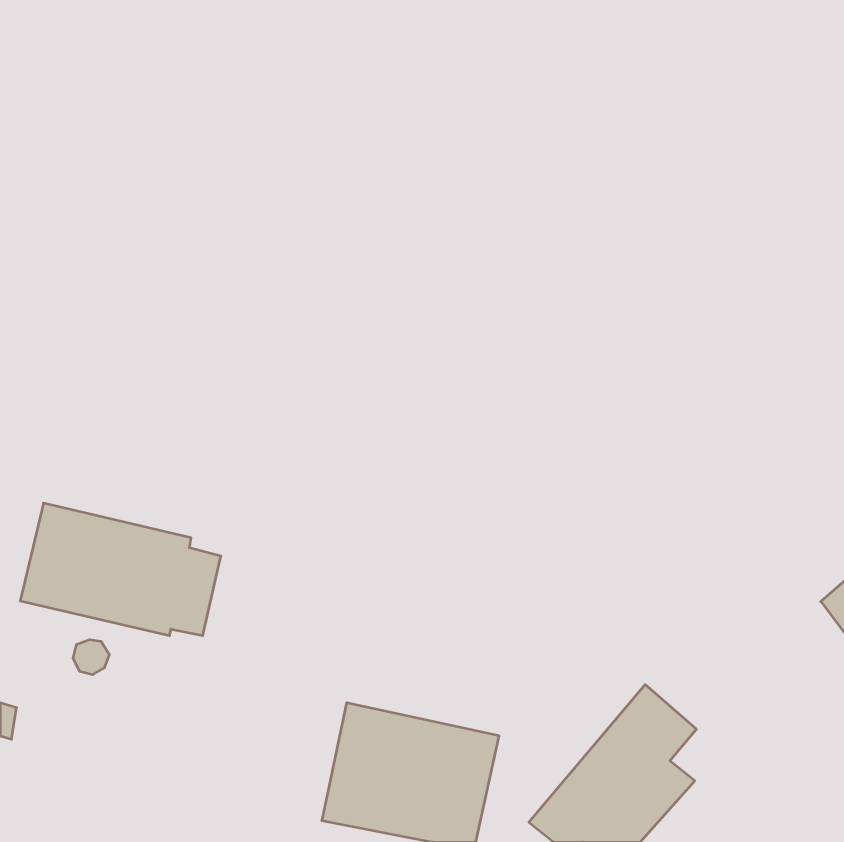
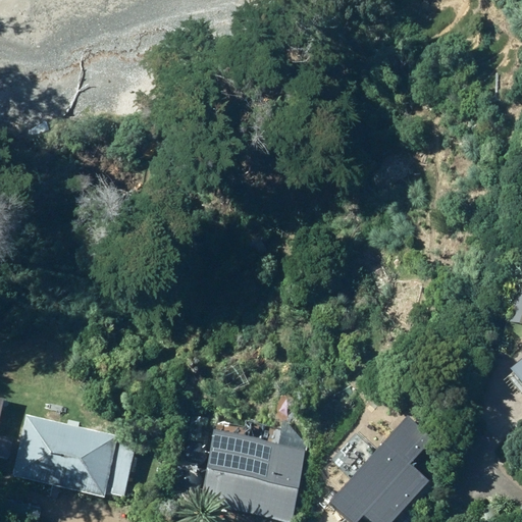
building: [20,503,221,636] -> [11,412,135,493]

